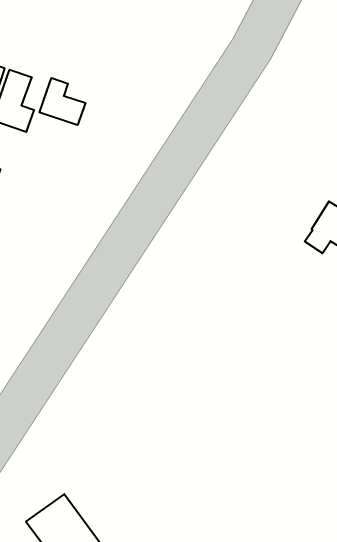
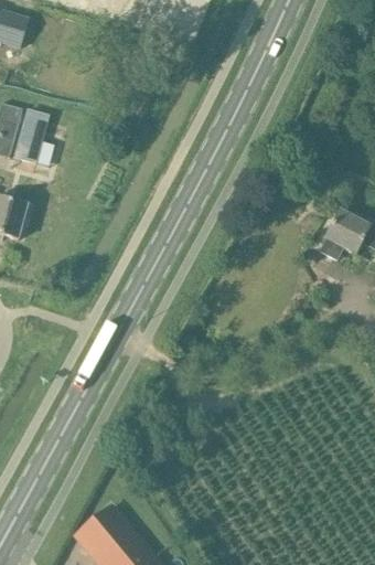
building: [39,78,85,125] -> none

